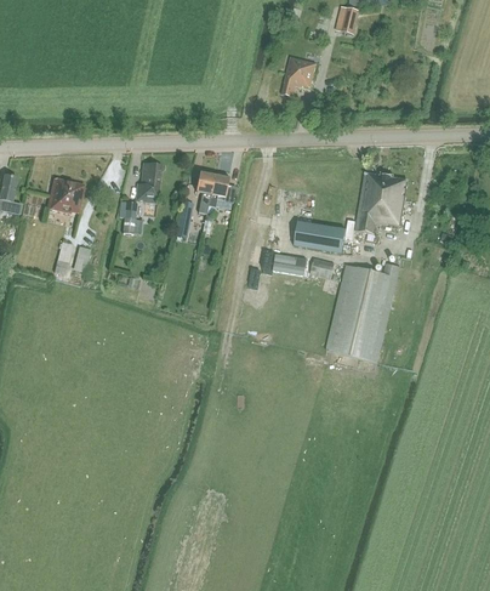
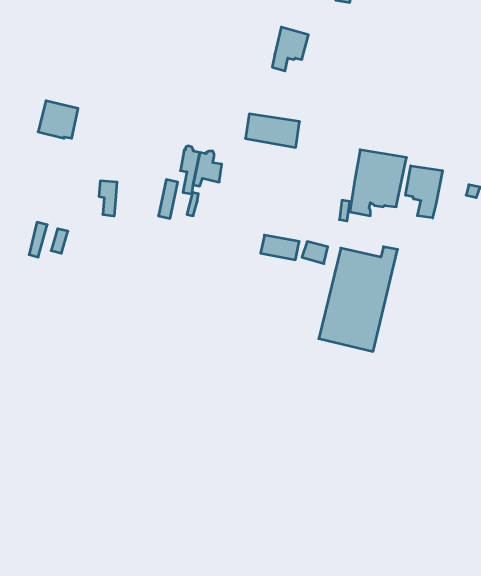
building: [135,163,160,203] -> none
building: [46,176,84,211] -> [38,101,78,138]
building: none -> [406,166,443,218]
building: [292,222,343,254] -> [245,114,300,147]

